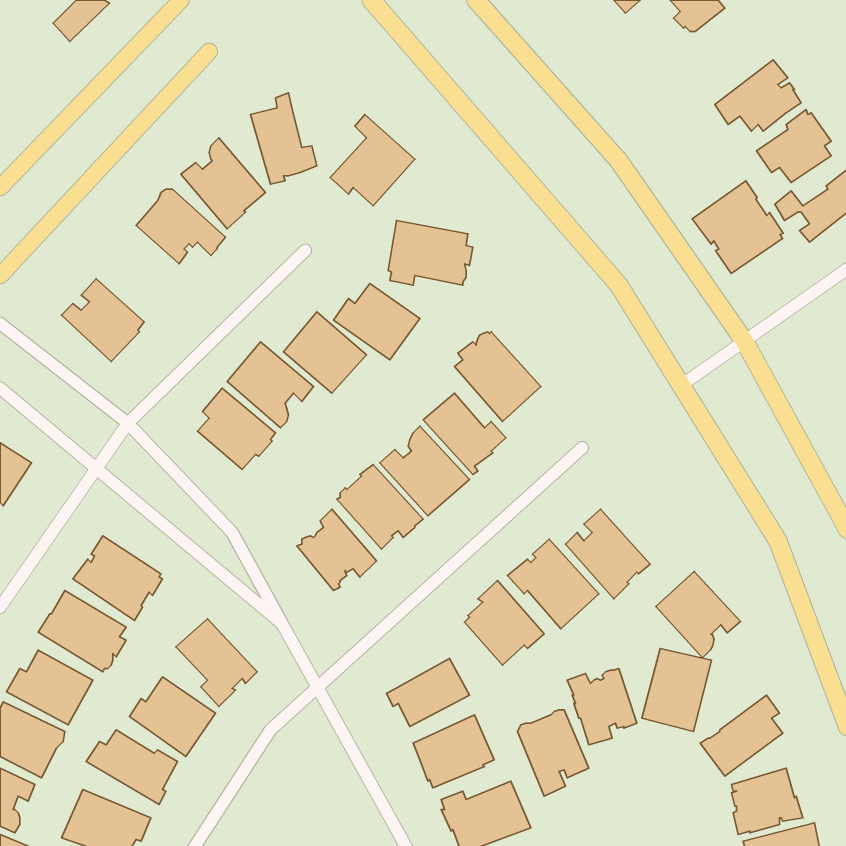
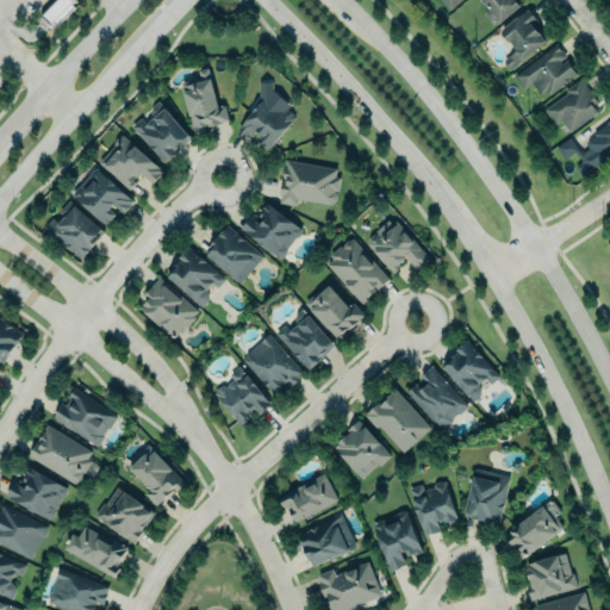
building: none -> [500,10,546,71]
building: [692,181,783,273] -> none
building: none -> [74,170,133,225]
building: none -> [367,218,432,275]
building: [656,572,741,658] -> [440,341,500,403]

